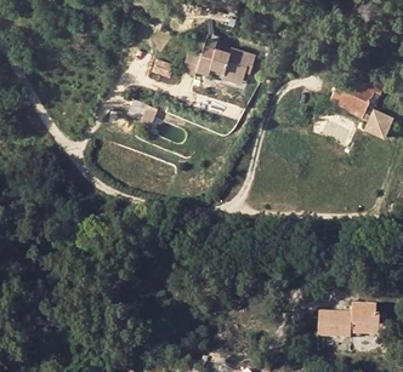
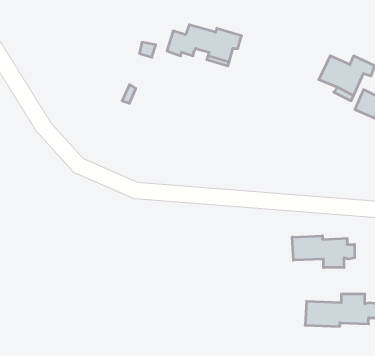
building: none -> [292,236,355,268]

